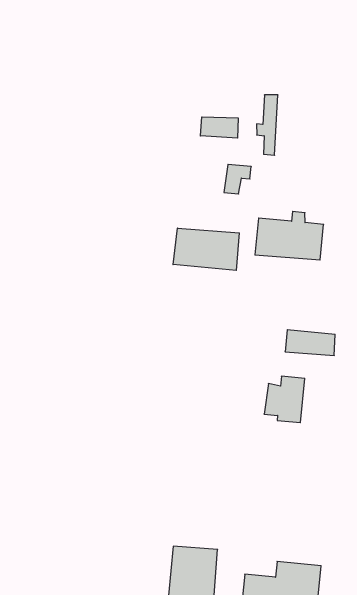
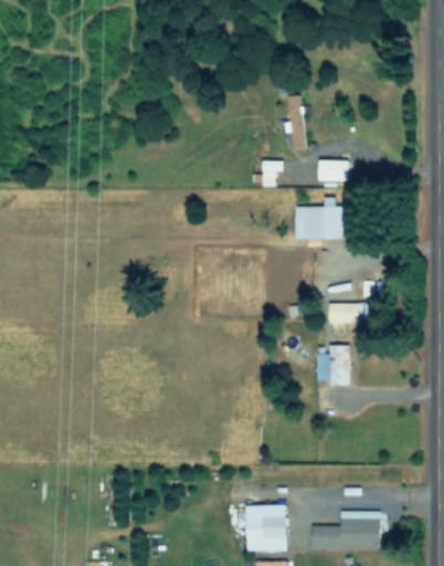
building: [200,117,238,138] -> none
building: none -> [318,159,349,180]
building: [173,228,239,270] -> none

